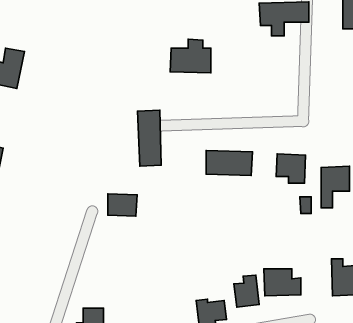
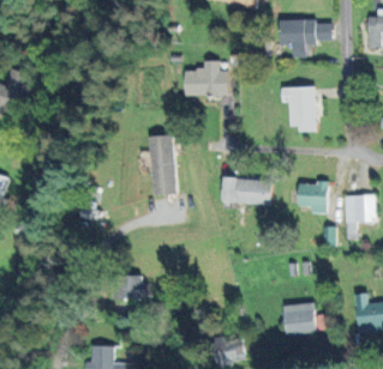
building: none -> [282,86,317,131]
building: [108,194,137,216] -> [115,276,146,300]
building: [234,275,259,307] -> none

